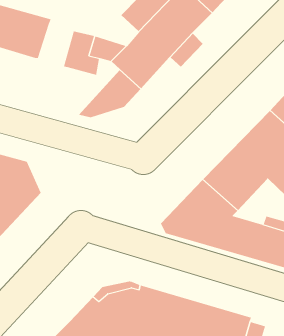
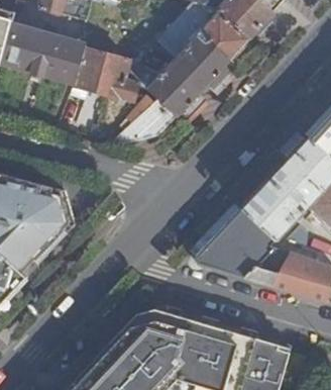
building: none -> [72,48,107,92]

